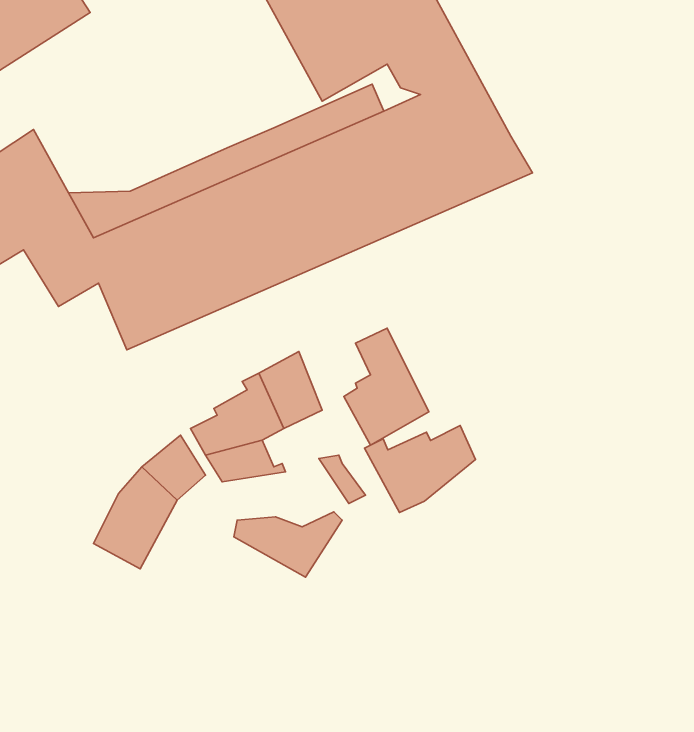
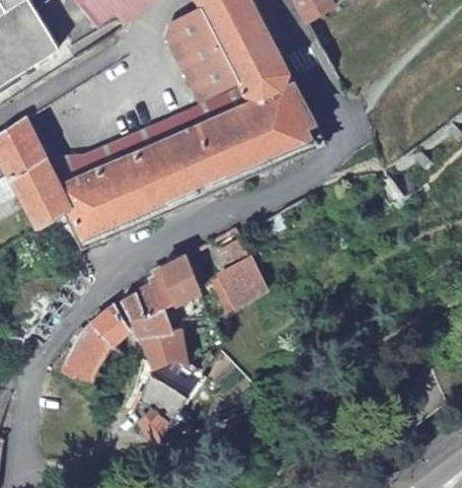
building: [365,426,475,513] -> none
building: none -> [139,326,187,359]
building: none -> [136,365,189,440]

